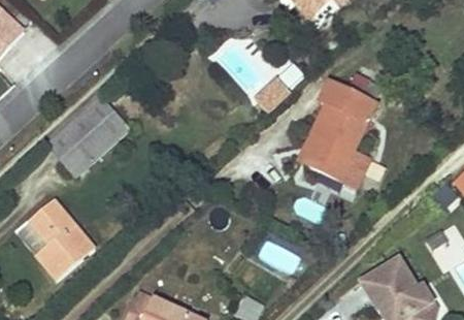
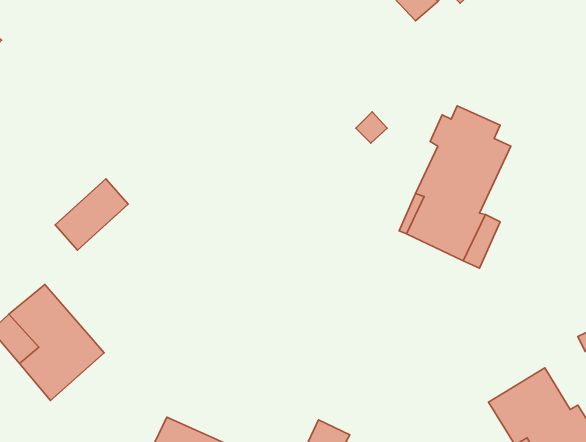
building: [47,96,130,158] -> none

